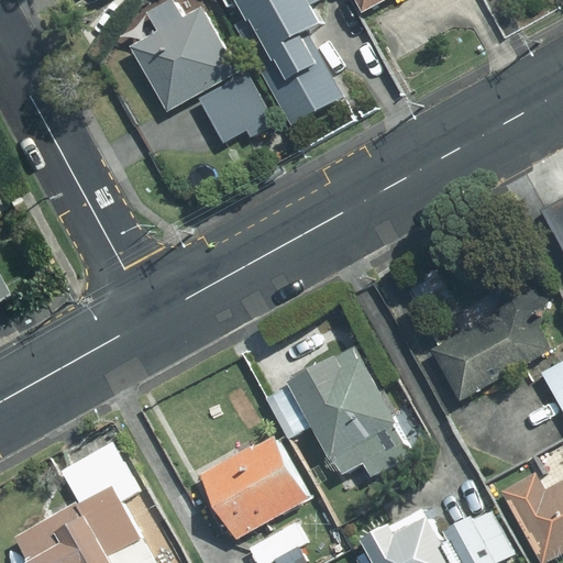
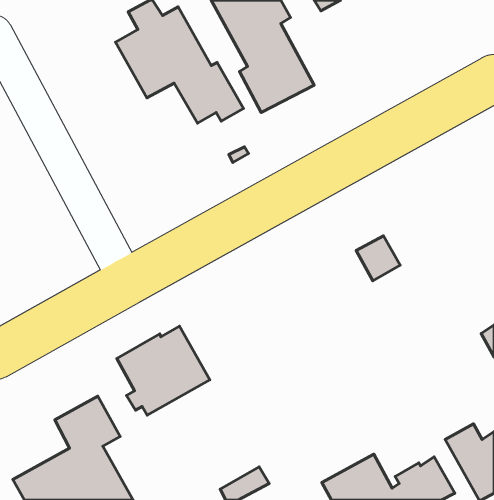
building: [432,283,549,399] -> none
building: [266,351,409,477] -> none
building: [200,439,305,539] -> [117,326,210,415]

